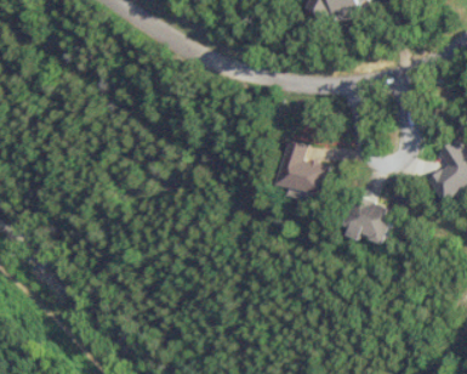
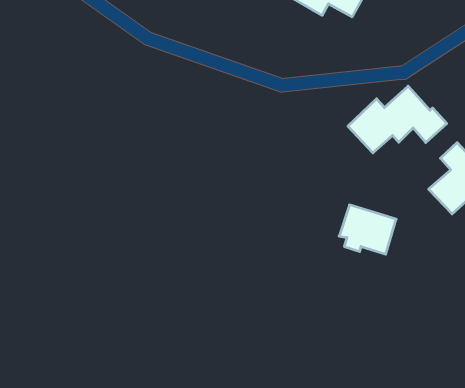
building: none -> [348,86,447,153]
building: [275,140,328,194] -> none

